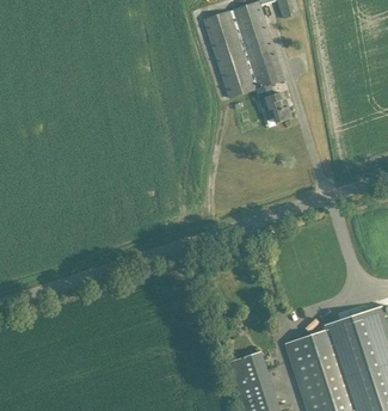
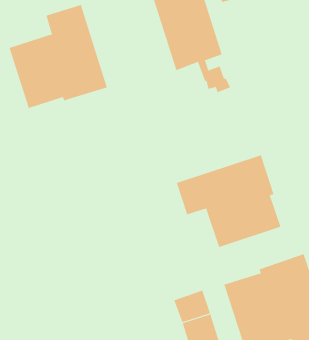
building: none -> [9,4,108,109]
building: none -> [176,155,281,248]

